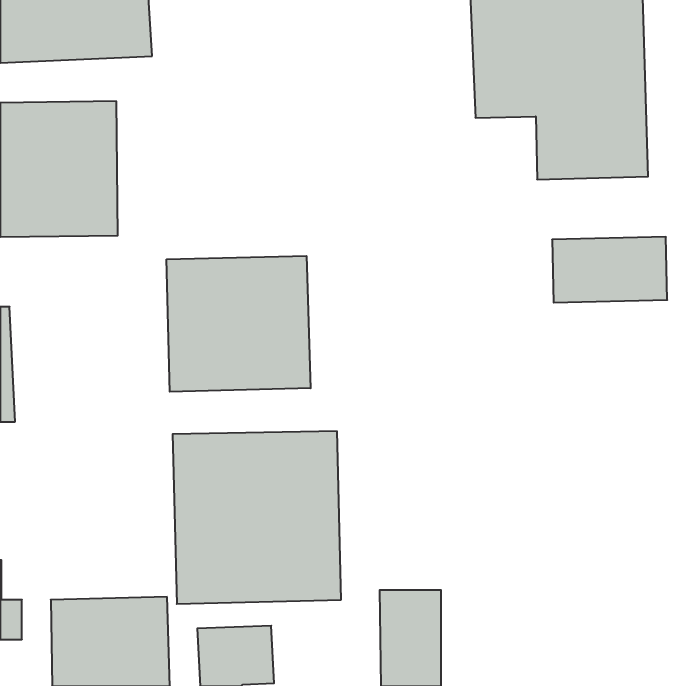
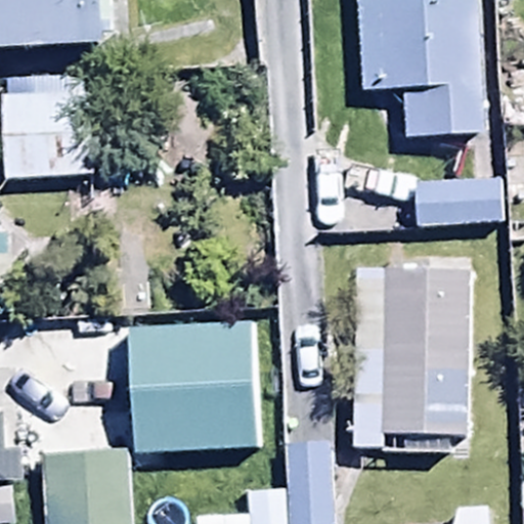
building: [167,256,311,392] -> none
building: none -> [353,266,469,446]

